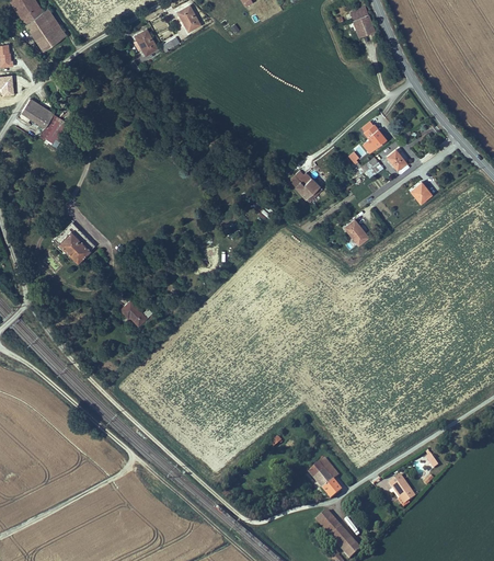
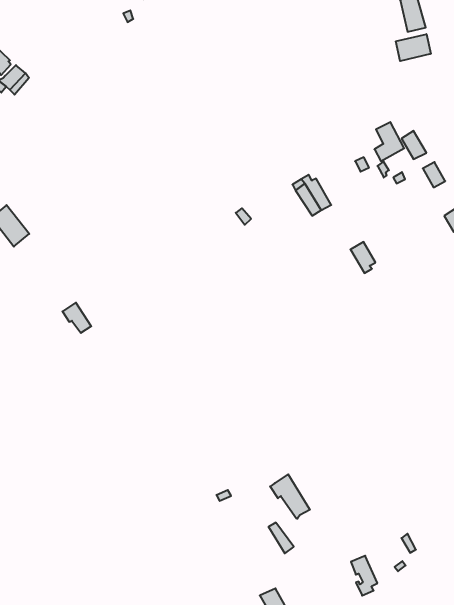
building: none -> [396,34,431,61]
building: [302,462,337,497] -> [270,474,310,519]

